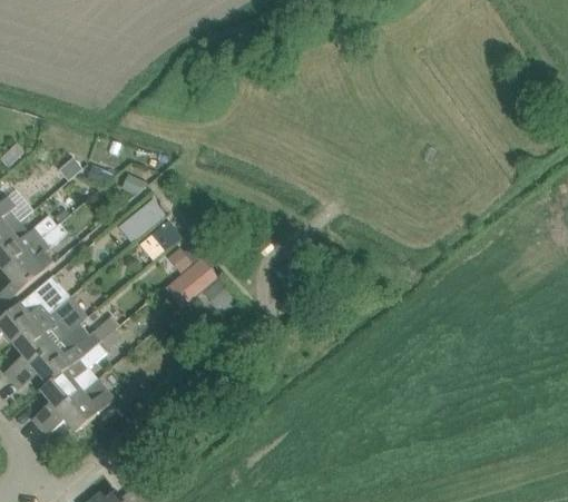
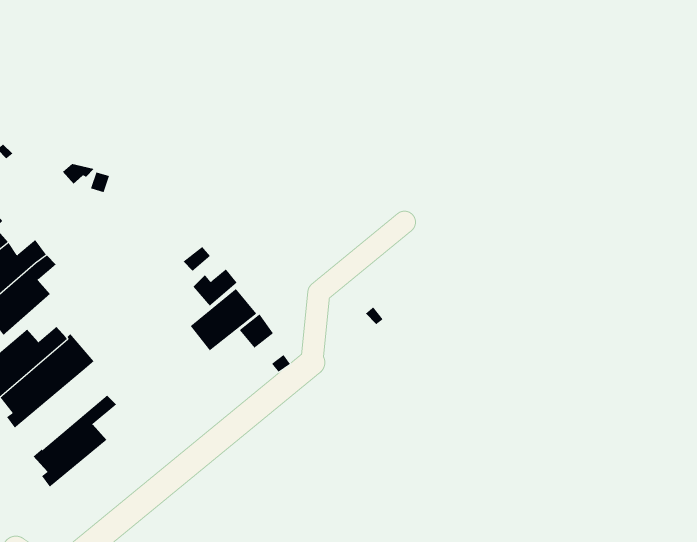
building: [119,201,163,242] -> none
building: [23,315,118,387] -> none
building: [51,380,115,434] -> none

